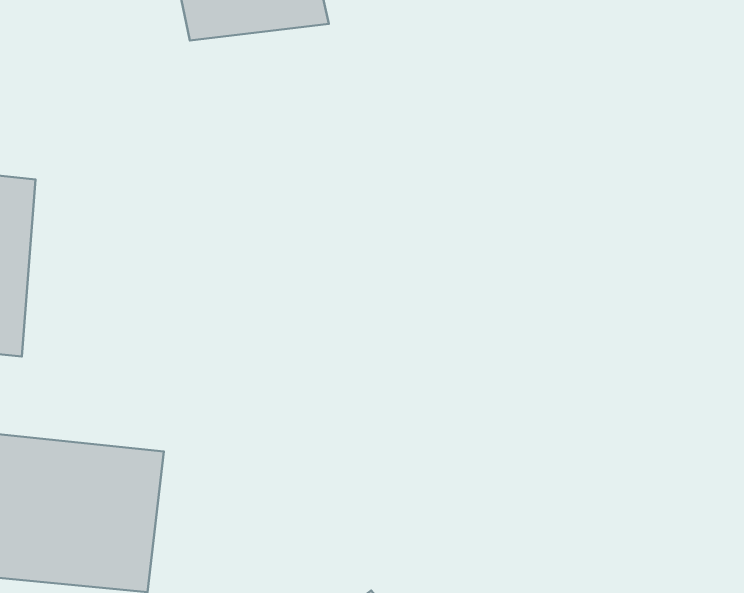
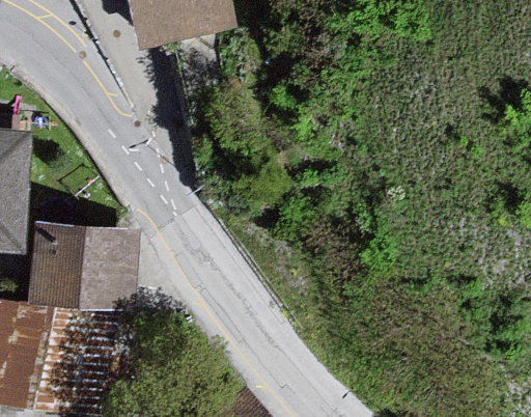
building: none -> [23,223,143,315]

